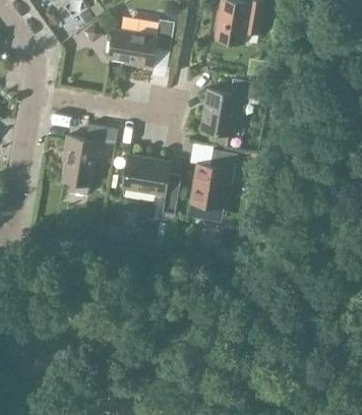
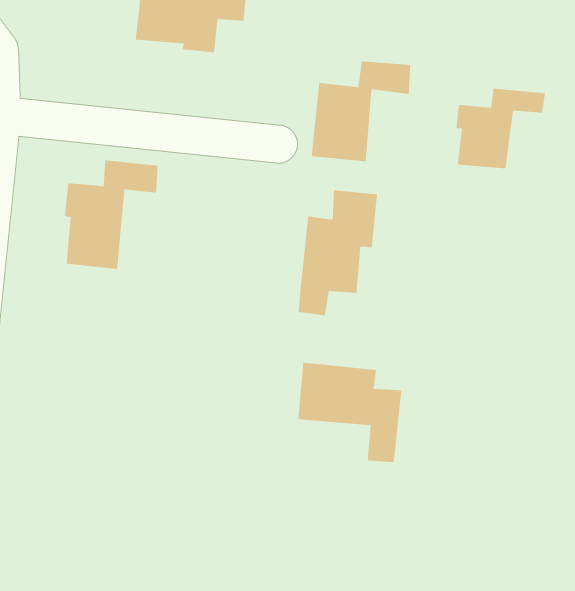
building: none -> [456,88,546,169]
building: [123,156,182,215] -> [297,362,402,463]

